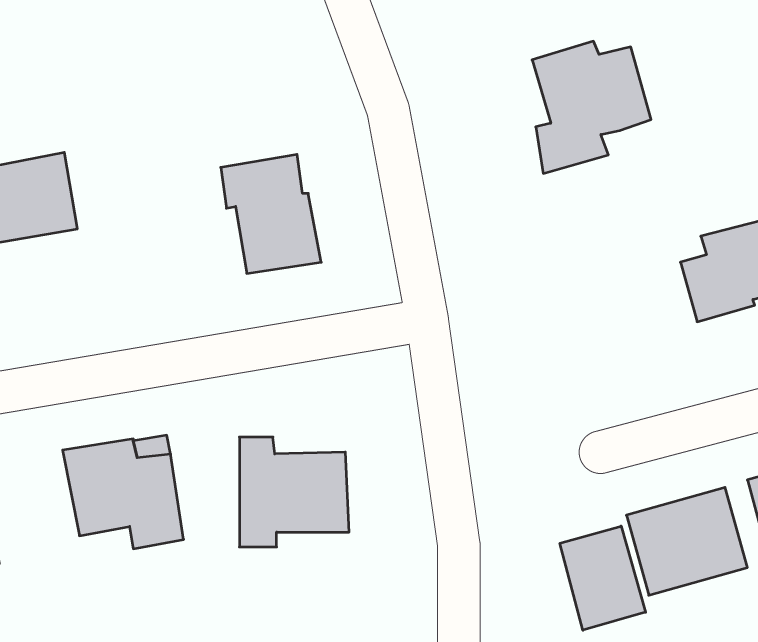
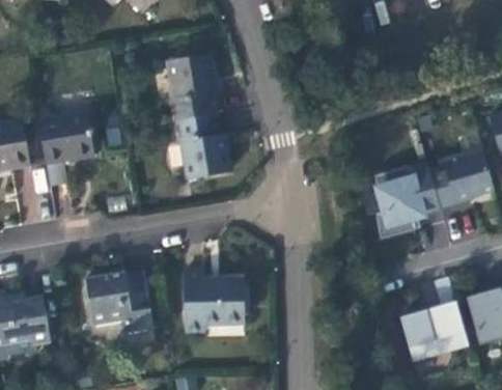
building: [532,41,651,173] -> [373,164,440,238]
building: none -> [168,56,217,121]
building: [560,526,646,630] -> none

